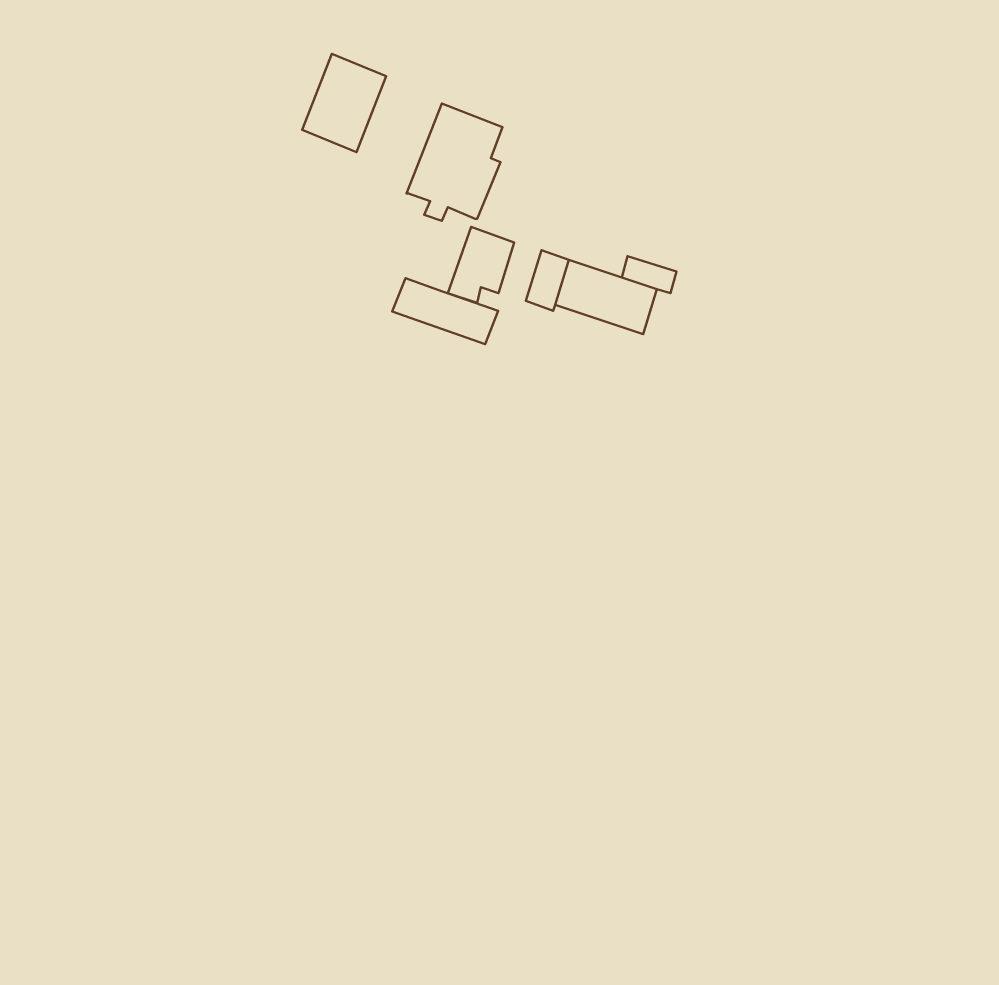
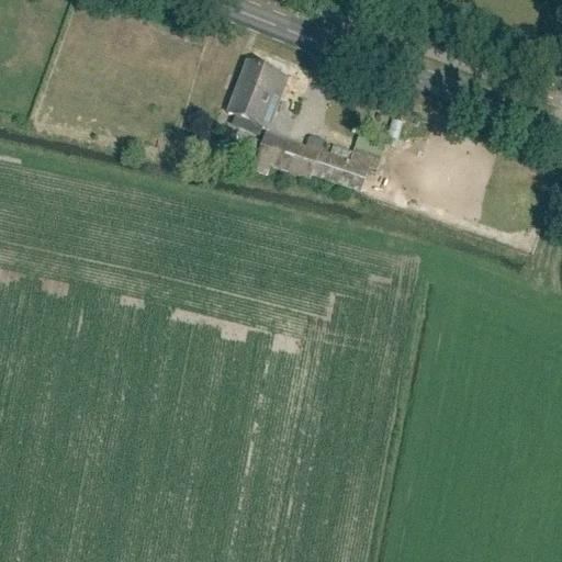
building: [302,54,386,152] -> none
building: [392,278,498,344] -> none

